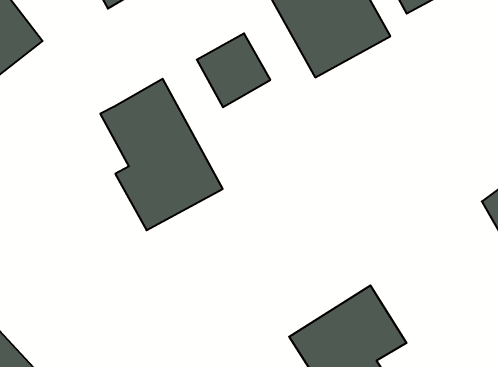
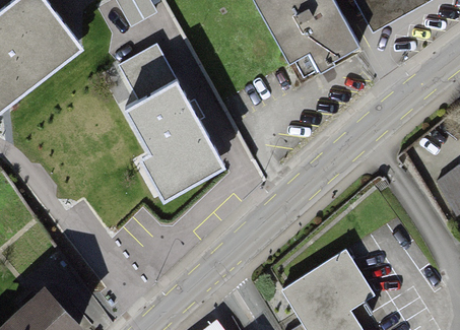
building: [197,33,270,107] -> [117,44,177,104]

